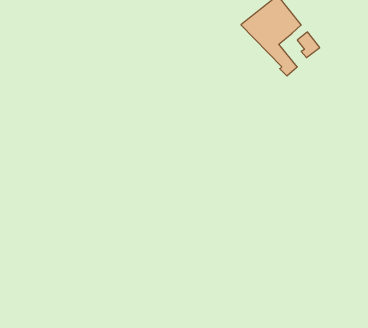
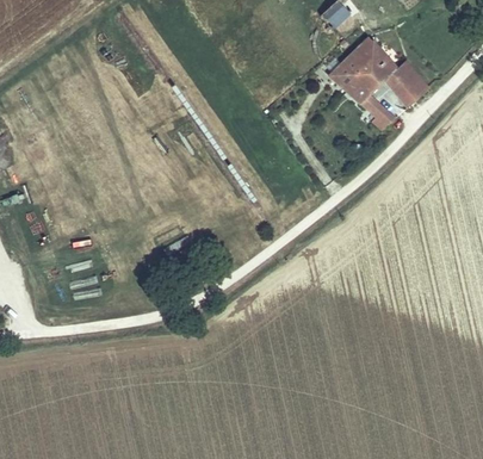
building: none -> [385,62,428,97]

